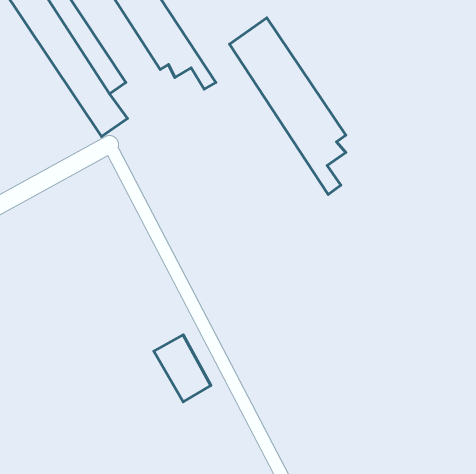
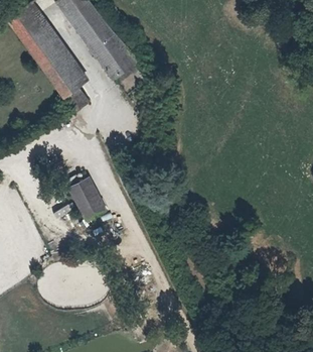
building: [229,18,346,194] -> none
building: [154,335,211,402] -> [71,180,107,221]

